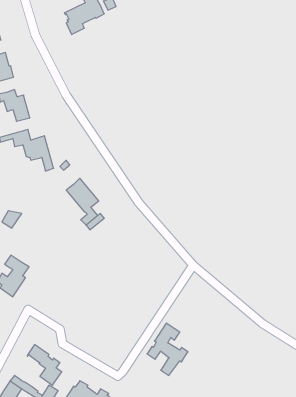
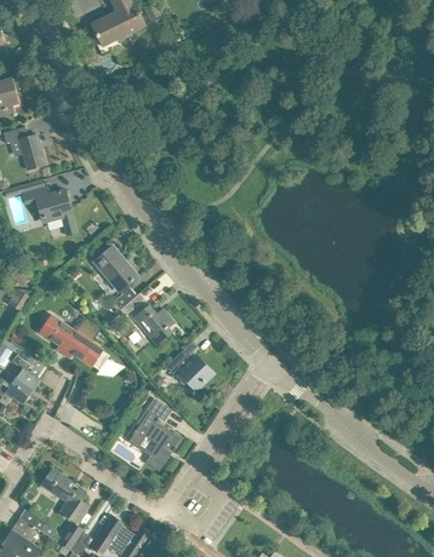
building: none -> [132,304,175,346]
building: none -> [39,315,102,367]
building: none -> [165,349,213,391]
building: [147,323,188,375] -> [127,398,182,469]

